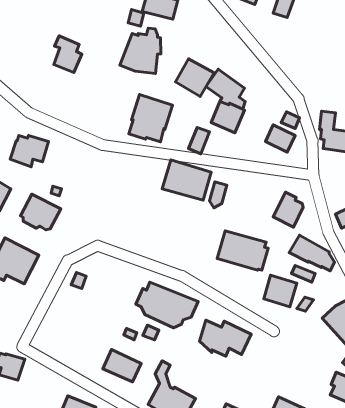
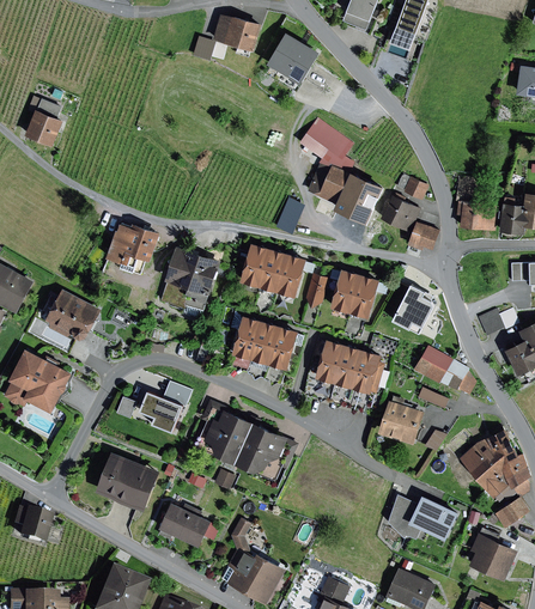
building: [120,28,161,74] -> none
building: [54,36,82,72] -> [25,96,63,146]
building: [176,59,214,97] -> [267,32,320,84]
building: [129,95,173,142] -> [160,246,220,311]
building: none -> [339,175,390,217]
building: [10,136,49,167] -> [107,224,159,267]
building: none -> [408,221,439,250]
building: none -> [330,269,379,318]
building: none -> [231,316,298,370]
building: none -> [139,382,191,433]
building: none -> [95,452,160,511]
building: [200,320,251,356] -> [388,494,458,543]

